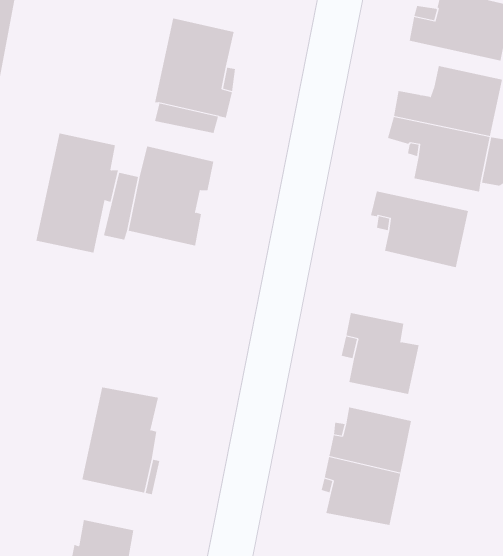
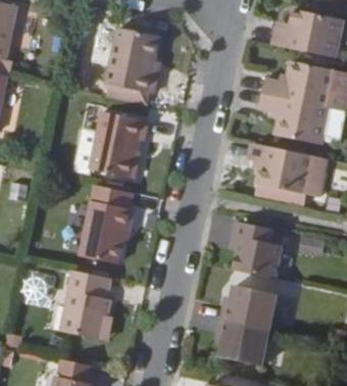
building: [36,133,119,253] -> [79,186,134,266]

